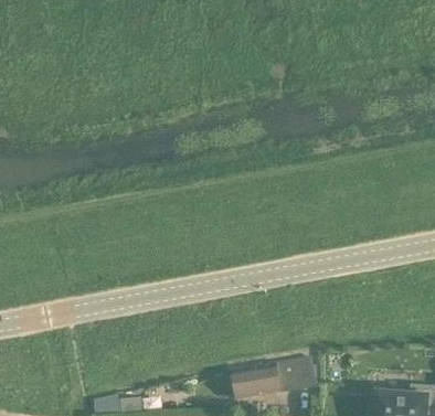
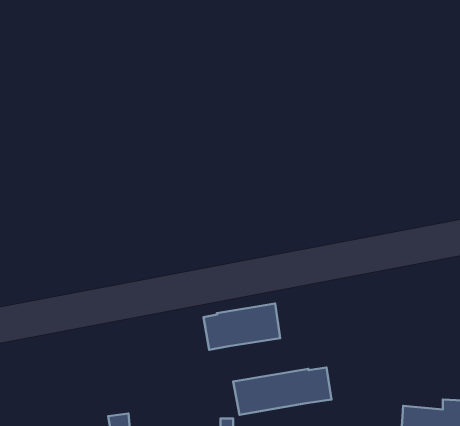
building: none -> [204,304,280,350]

